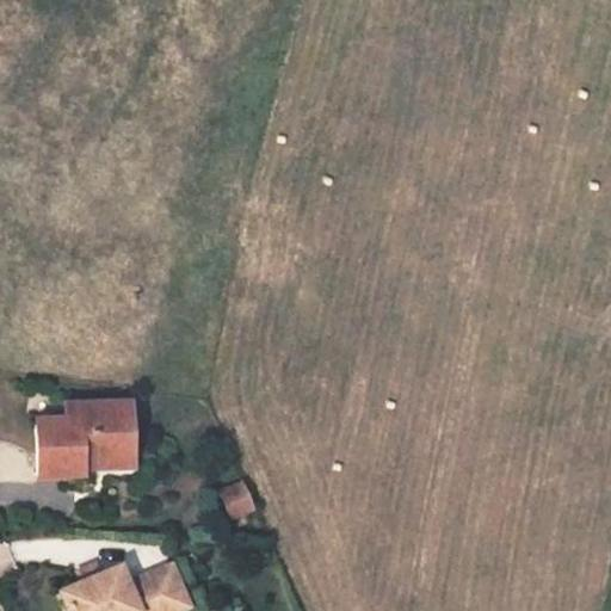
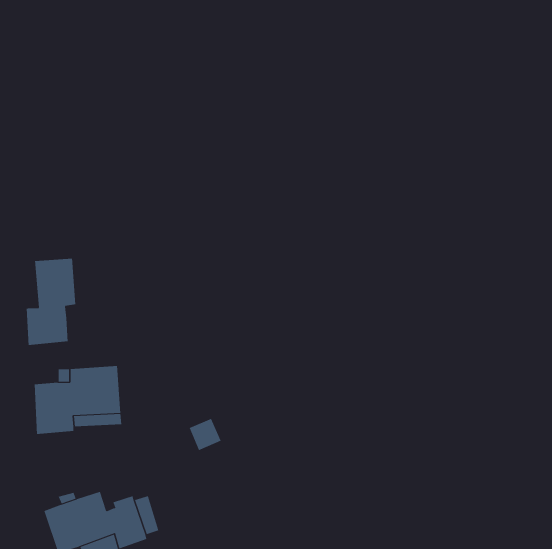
building: none -> [26,258,76,346]

